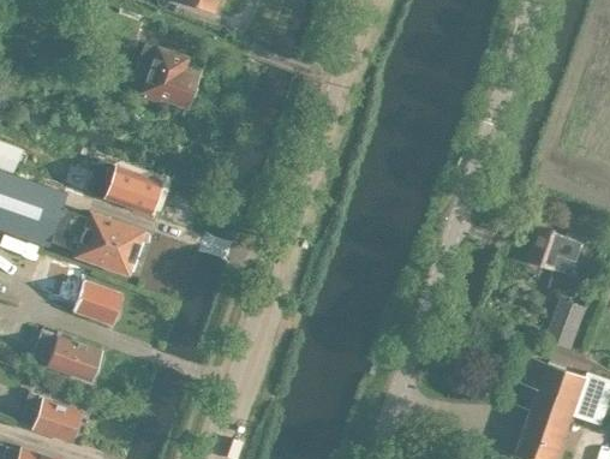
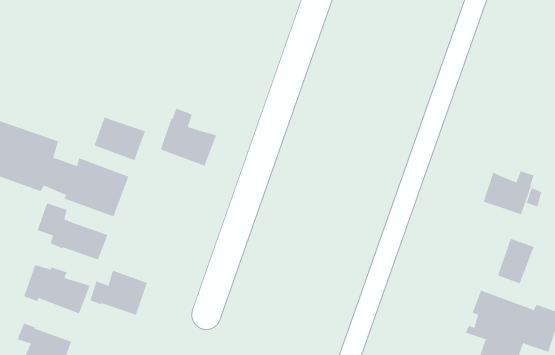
building: [137,46,198,109] -> none
building: none -> [160,108,217,166]
building: none -> [90,270,148,316]

